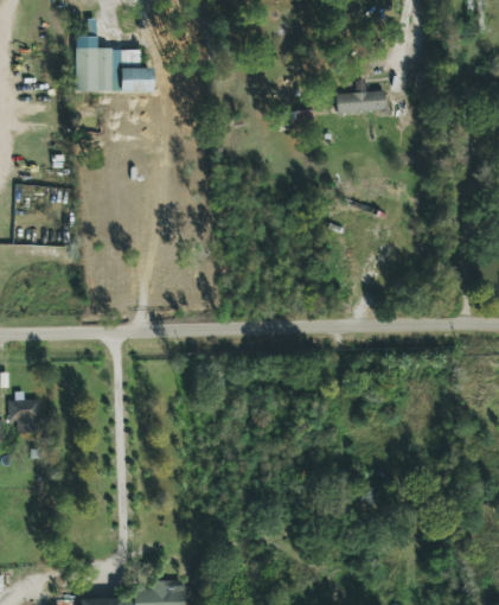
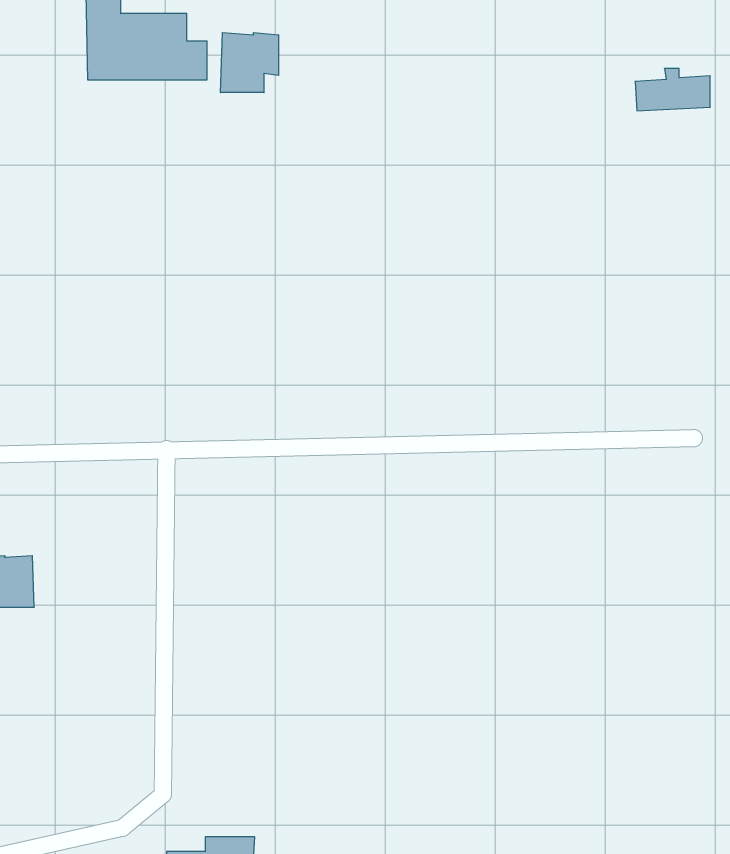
building: none -> [221,33,278,93]
building: [337,85,385,113] -> [635,69,710,111]

